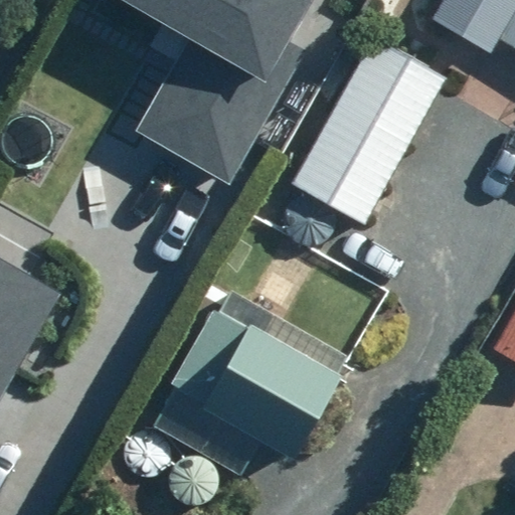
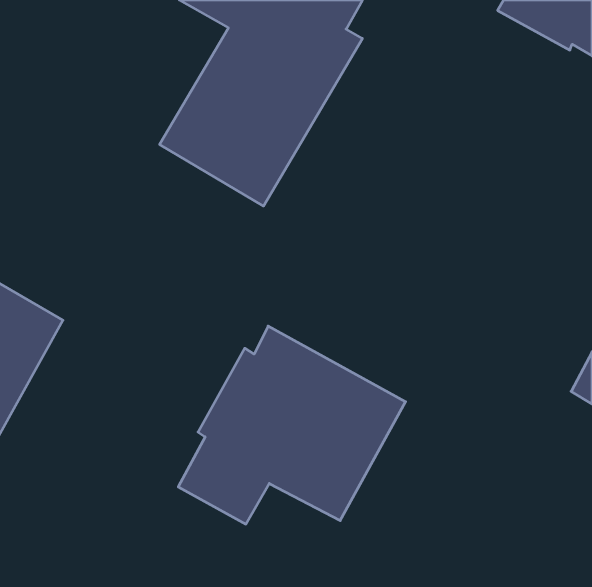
building: [293,37,447,224] -> none

